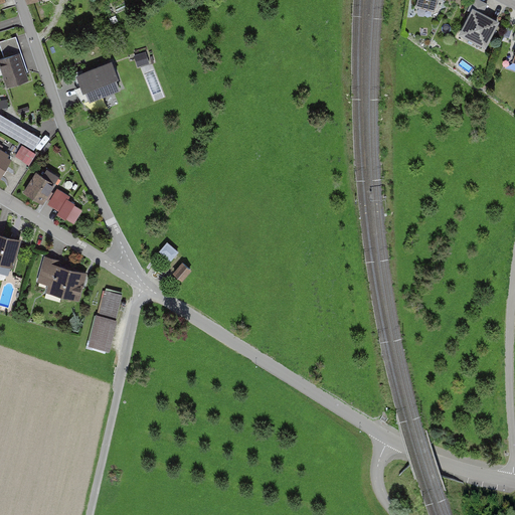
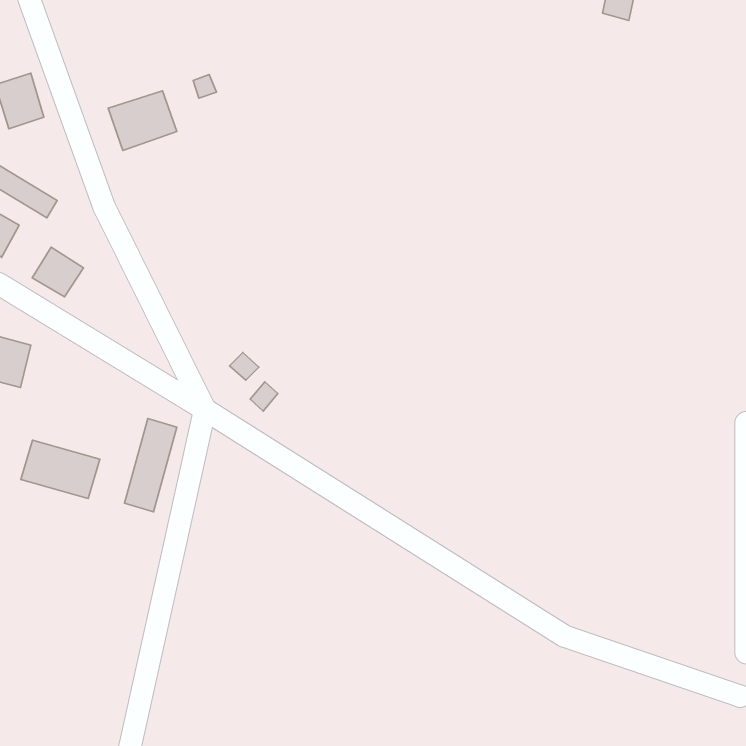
building: [460,8,498,47] -> none
building: [48,185,83,222] -> none
building: [34,259,89,299] -> [21,440,100,499]

